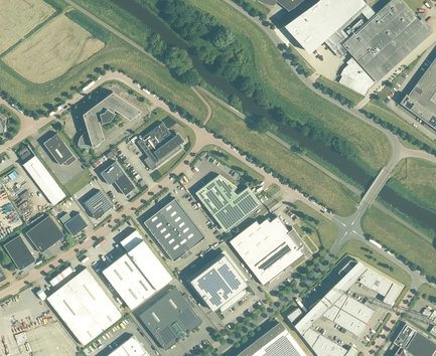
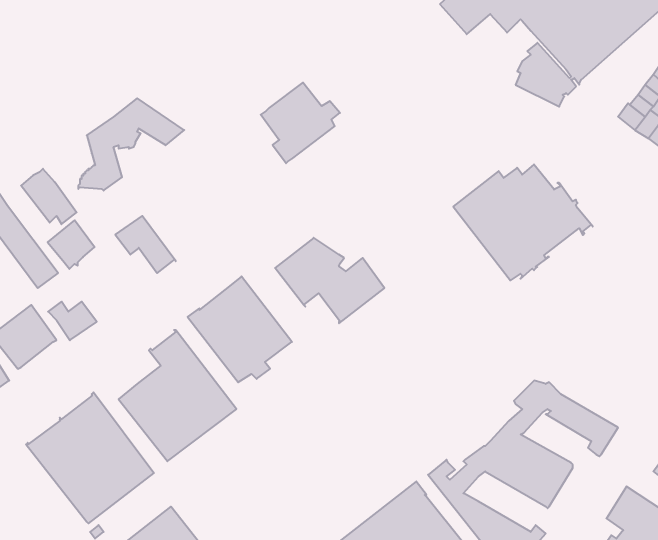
building: [136,122,183,170] -> [261,83,340,163]
building: [84,191,112,220] -> [48,220,95,269]
building: [228,215,311,285] -> [453,164,593,280]
building: [188,253,247,312] -> none
building: [137,287,201,350] -> none

